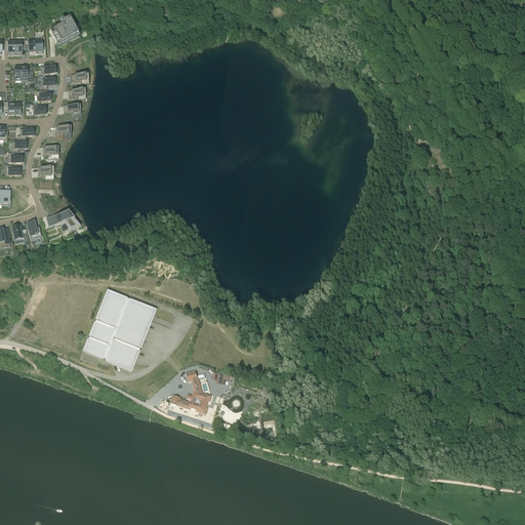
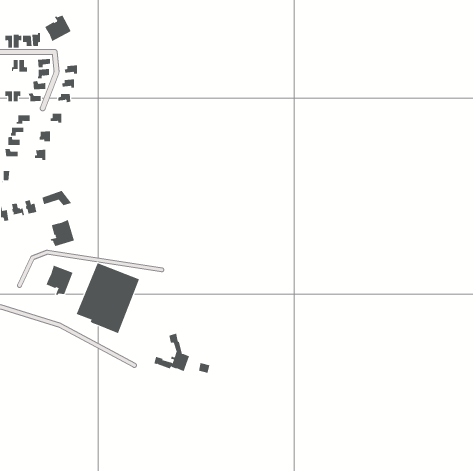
building: none -> [50,219,75,247]
building: none -> [46,265,73,295]

